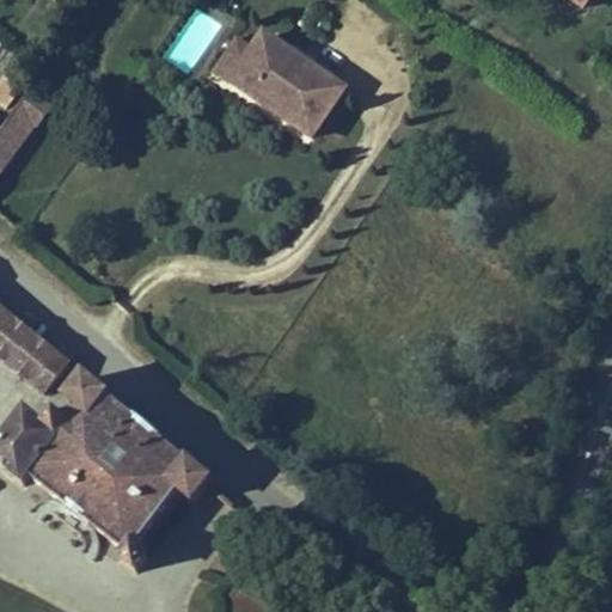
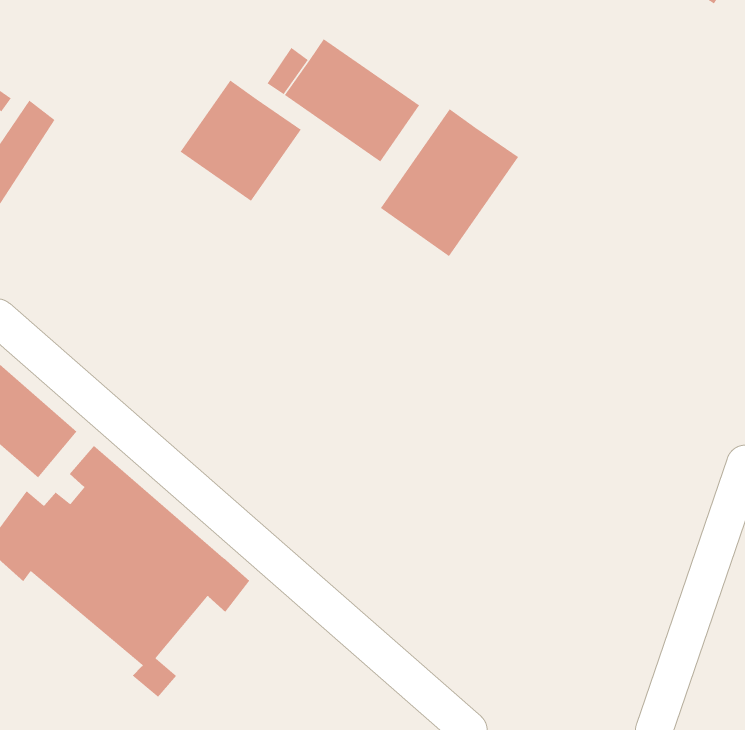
building: none -> [180,79,302,202]
building: none -> [380,108,519,257]

